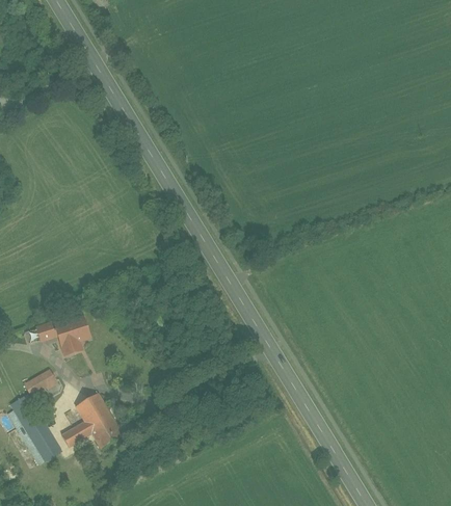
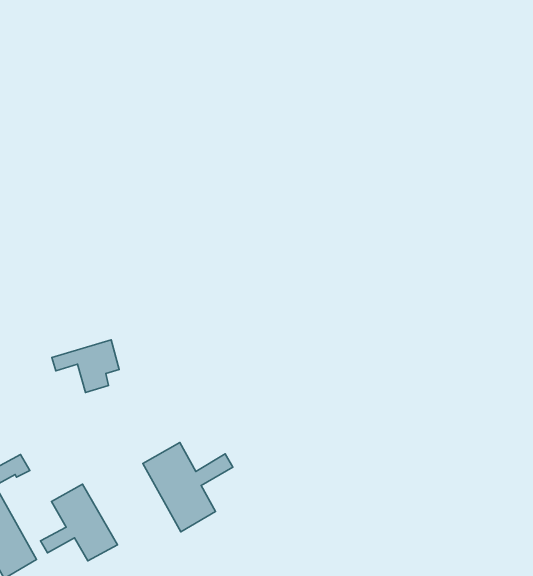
building: [37,315,89,355] -> [52,340,119,392]
building: none -> [143,443,233,532]

